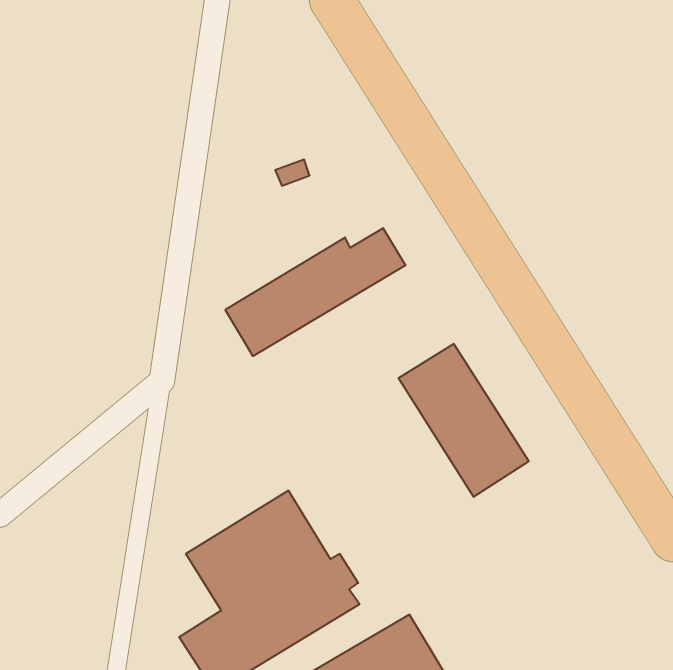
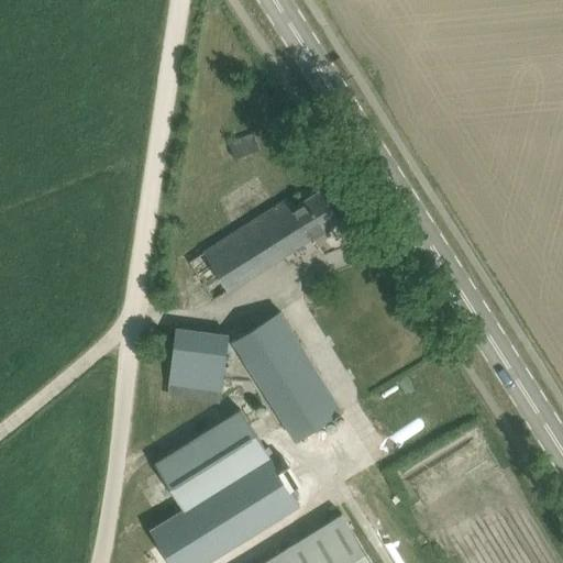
building: [398,344,529,497] -> [233,314,342,442]
building: none -> [169,331,229,393]

